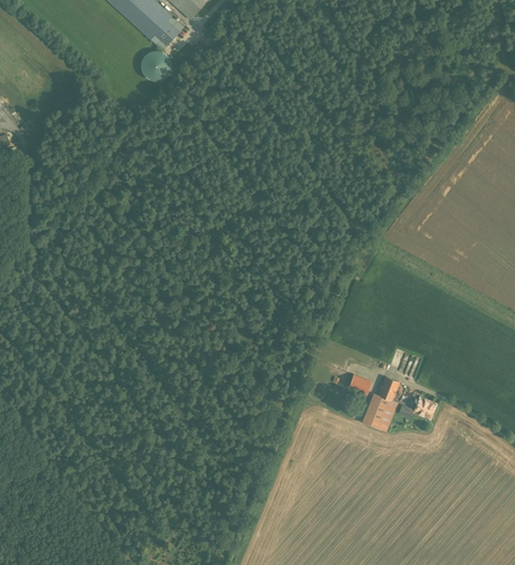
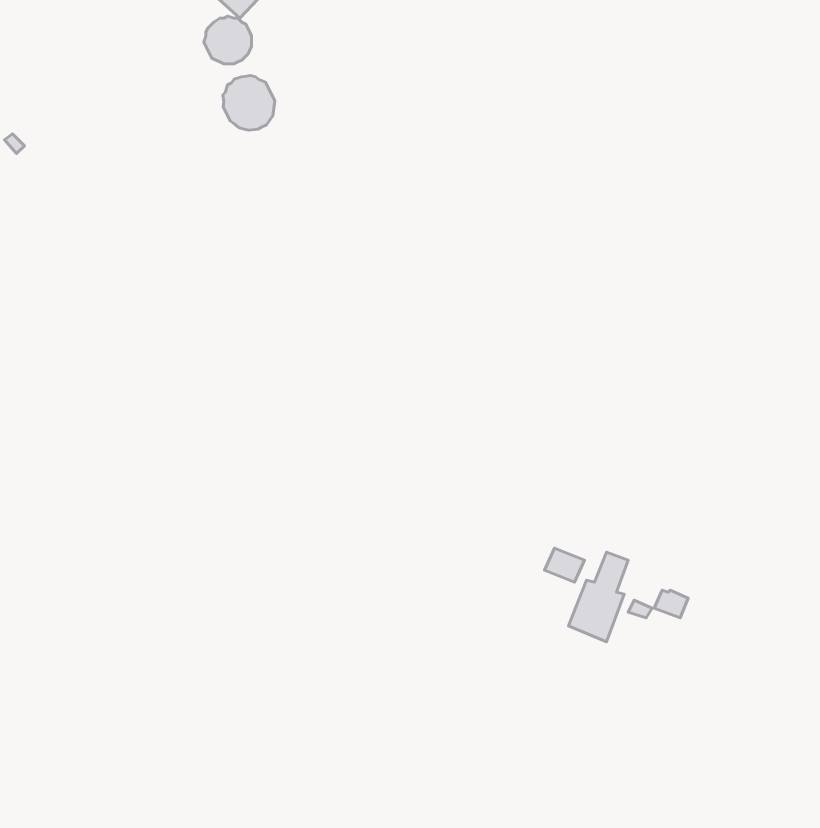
building: none -> [223,76,275,130]

